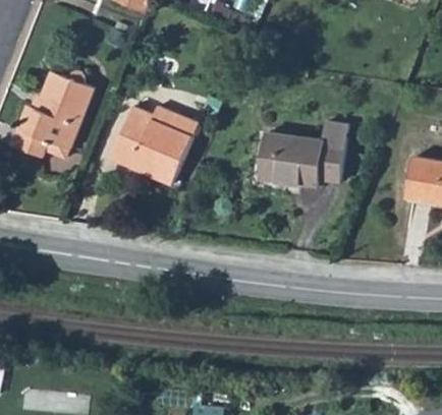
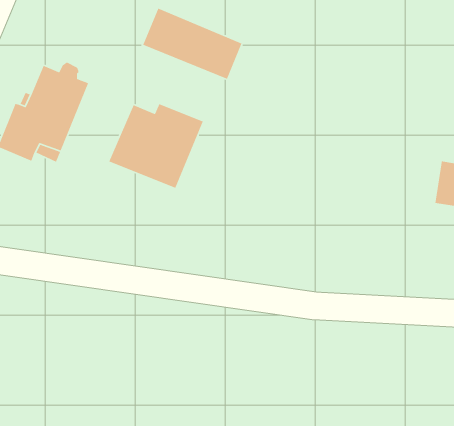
building: none -> [142,8,243,80]
building: [261,122,345,185] -> none

